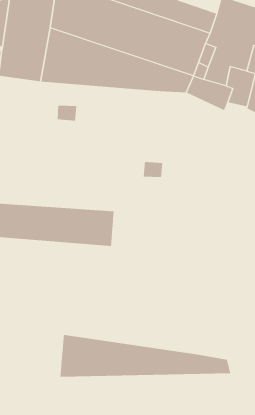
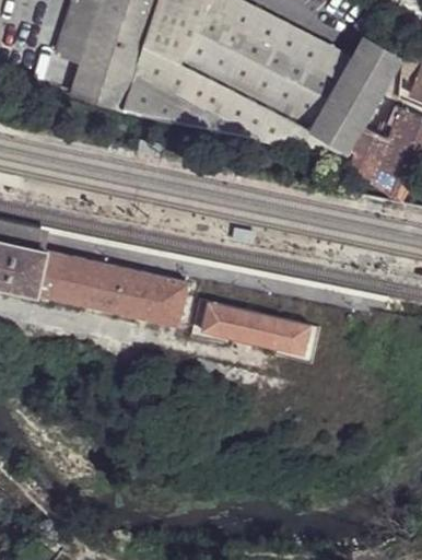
building: none -> [198,301,307,352]
building: [60,334,231,378] -> none

